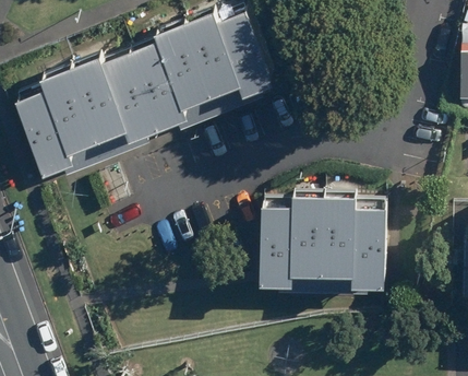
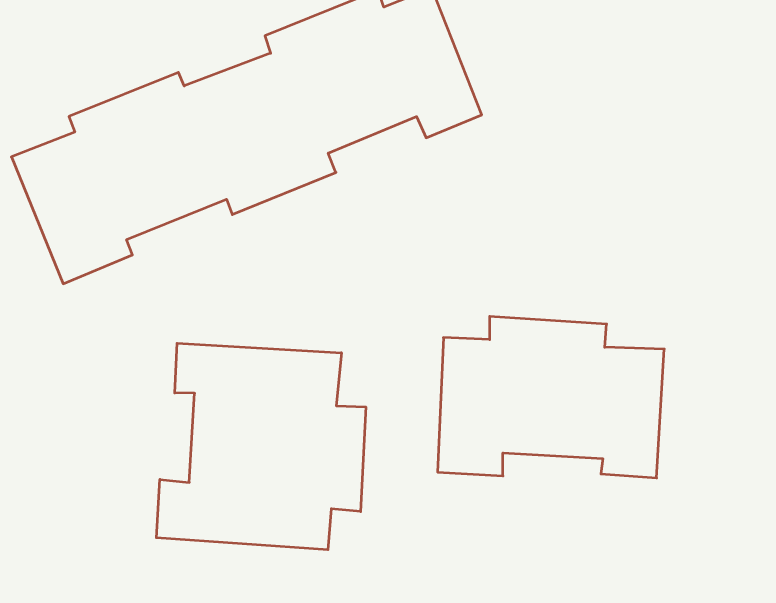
building: none -> [156,343,366,550]

